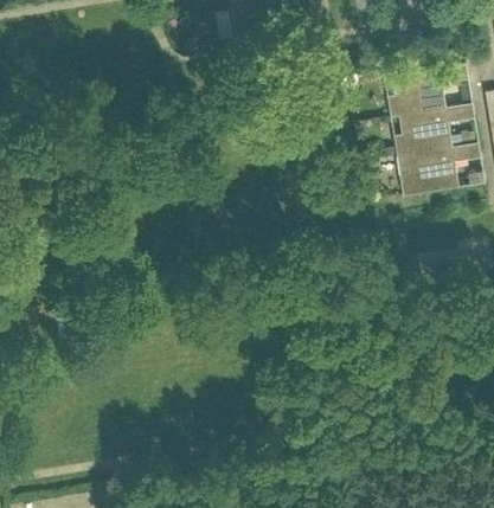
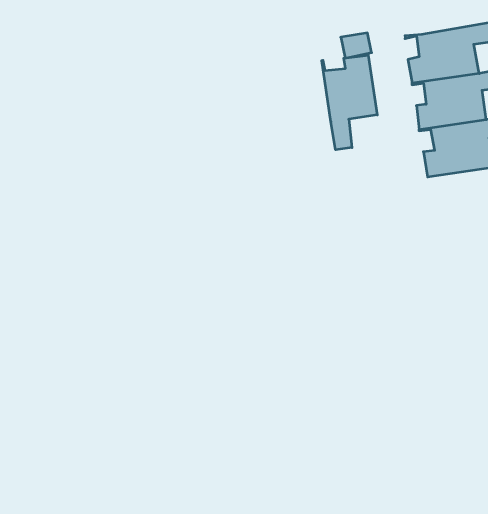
building: none -> [322,55,377,150]

